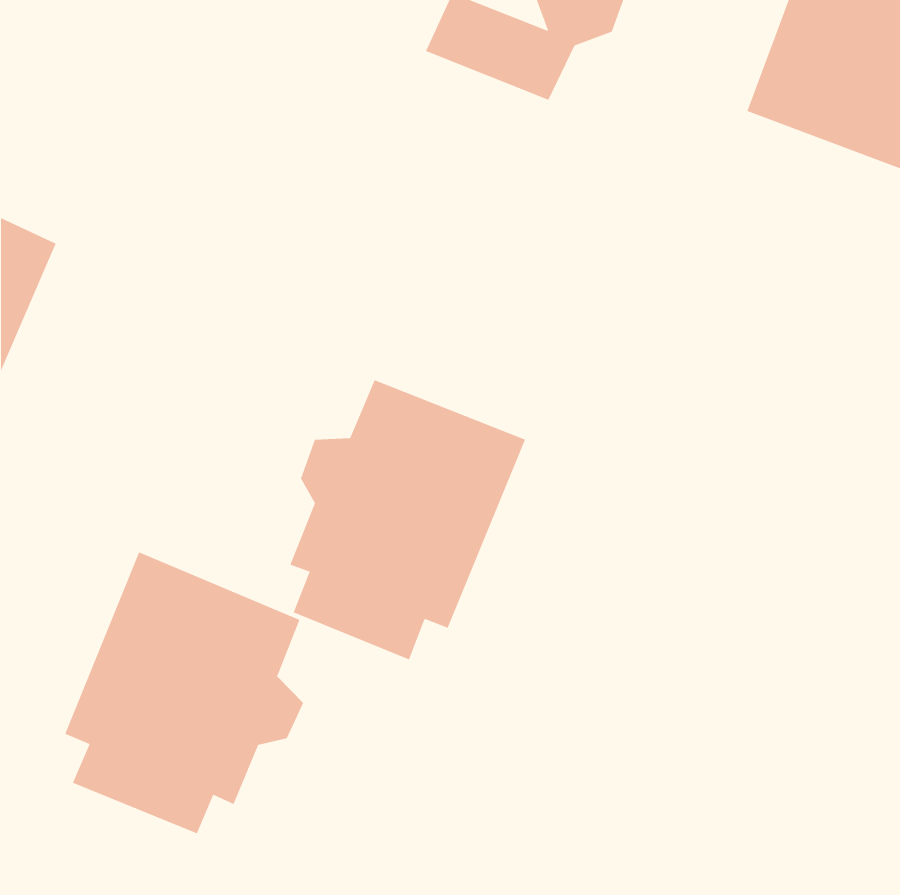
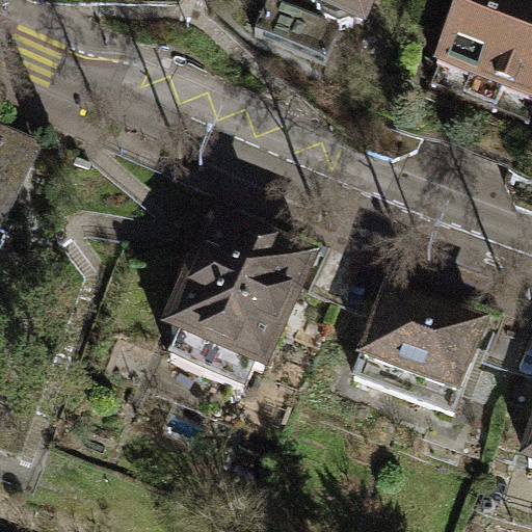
building: none -> [351,292,479,413]
building: [65,551,304,834] -> none

